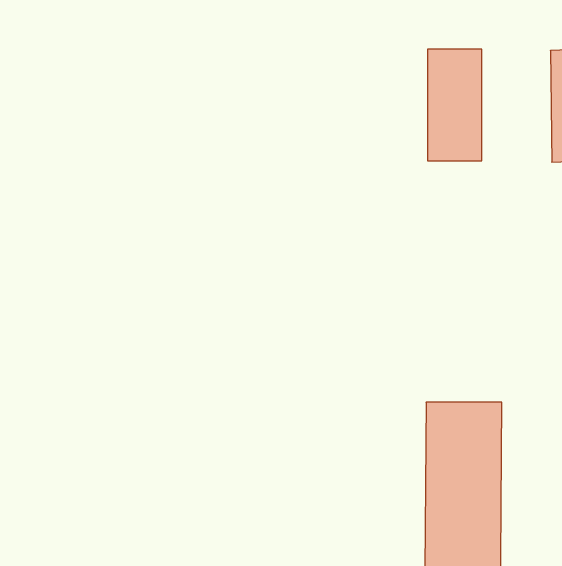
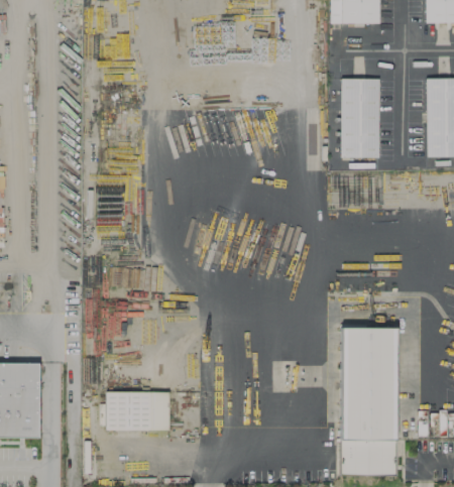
building: none -> [105,390,167,430]

